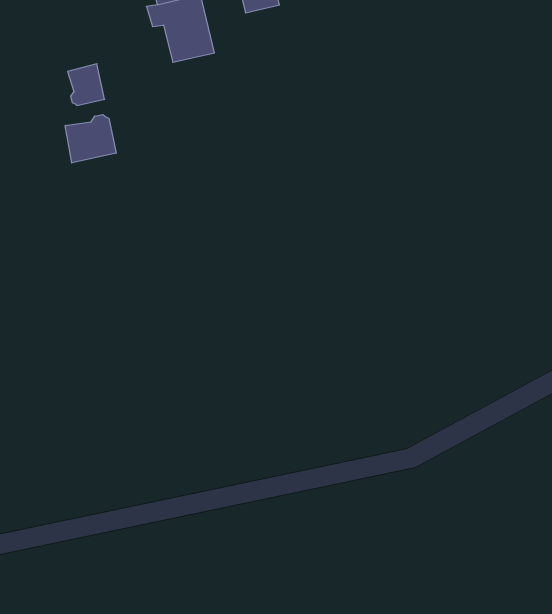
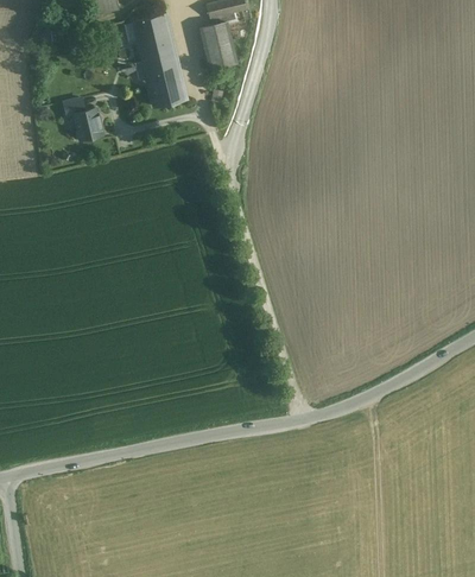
building: [65,115,116,163] -> none

